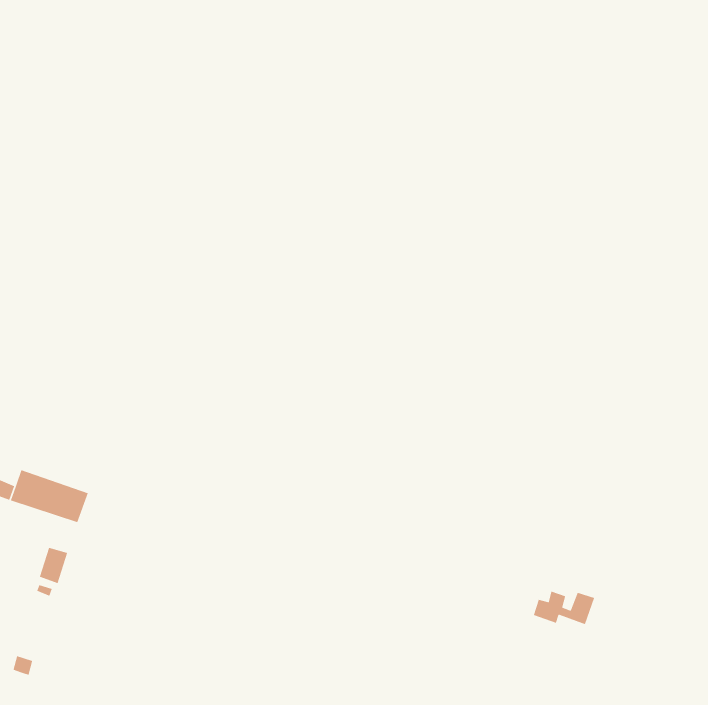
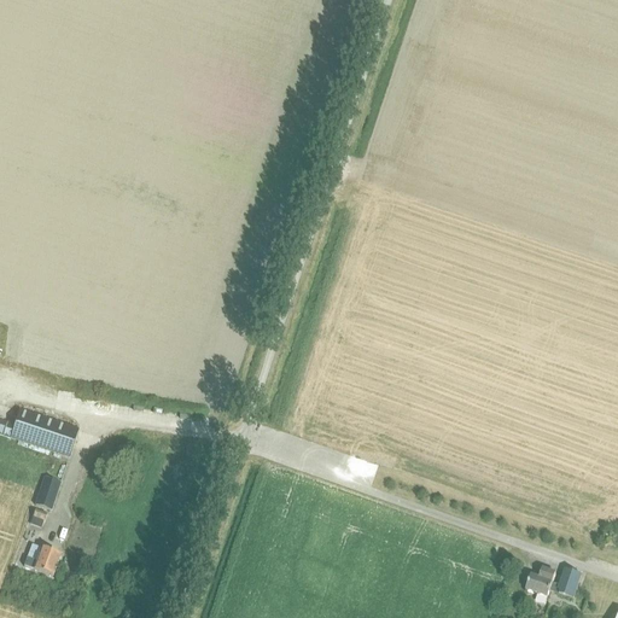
building: [533,590,595,625] -> [525,566,579,596]
building: none -> [24,546,58,575]

